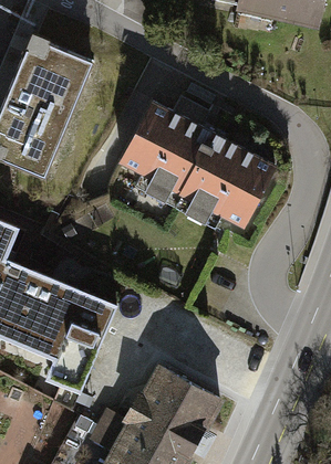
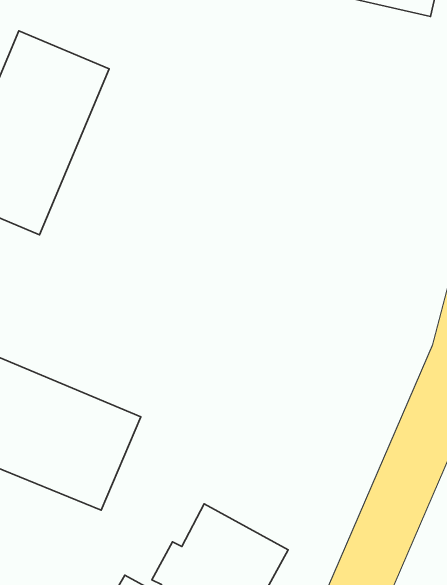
building: [120,102,273,226] -> none

